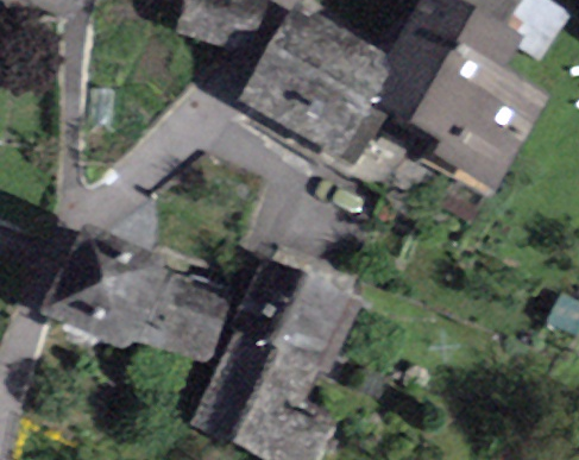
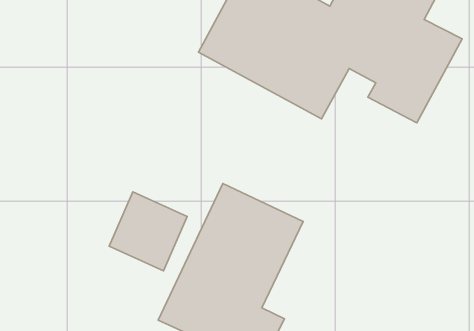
building: [50,227,166,346] -> none

